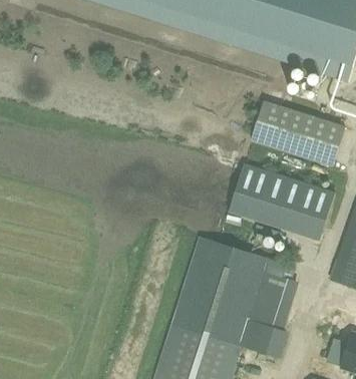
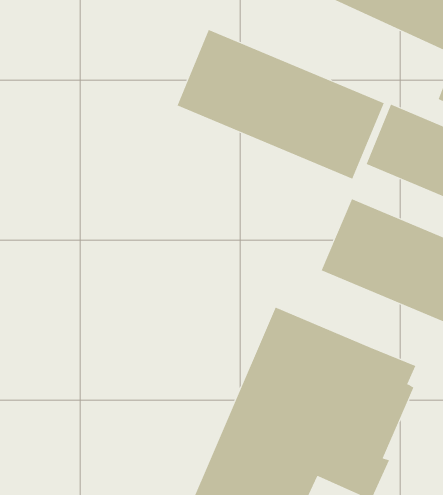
building: none -> [177,29,384,180]

